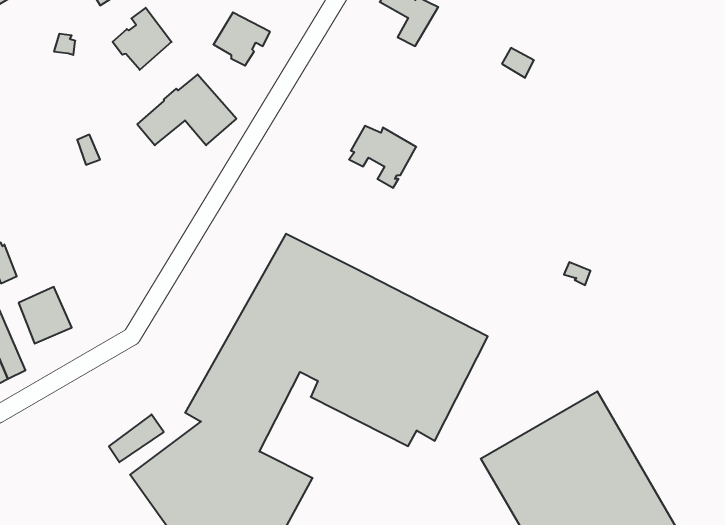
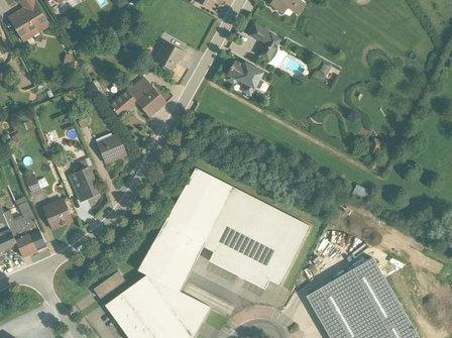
building: [113,8,172,70] -> none
building: [349,126,416,188] -> [225,61,263,96]
building: none -> [96,132,127,164]
building: none -> [68,157,101,202]

